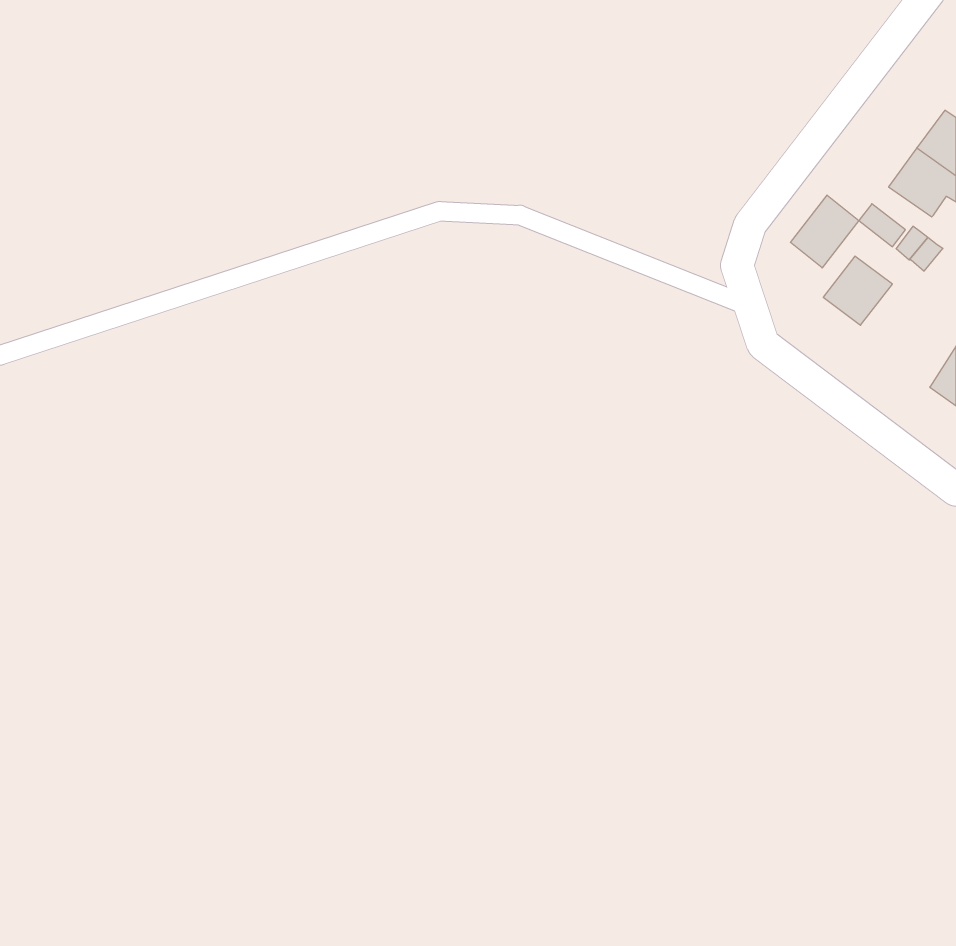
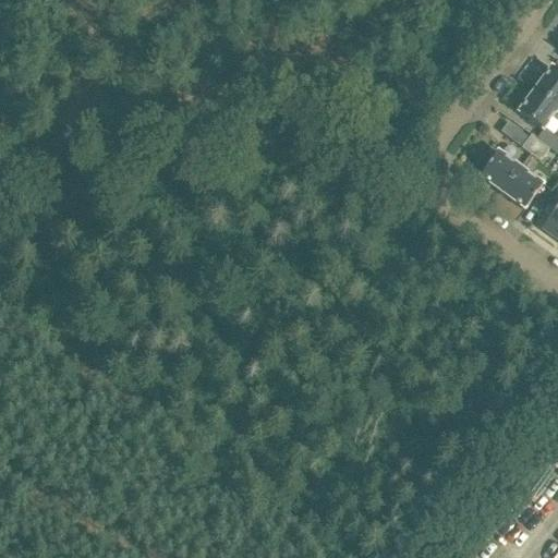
building: [790,195,859,268] -> none
building: none -> [501,166,543,206]

